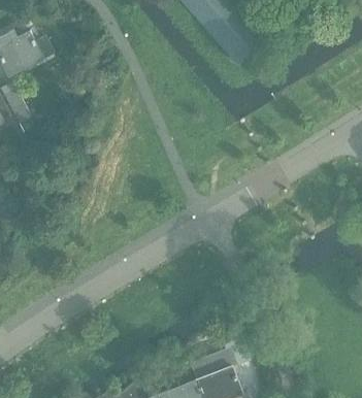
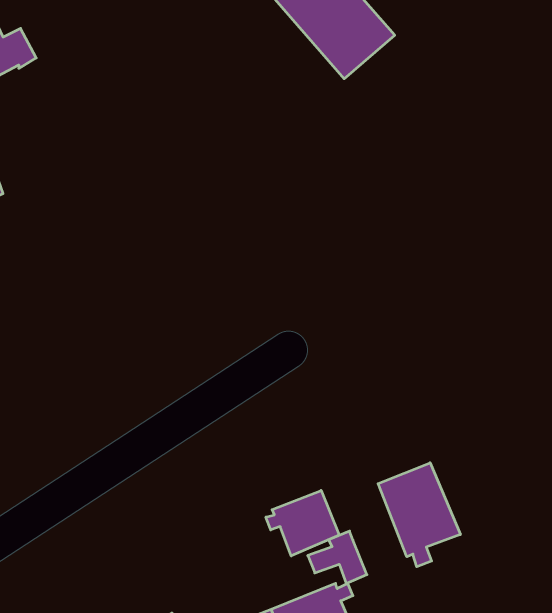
building: none -> [378,463,460,567]
building: none -> [266,490,339,556]

